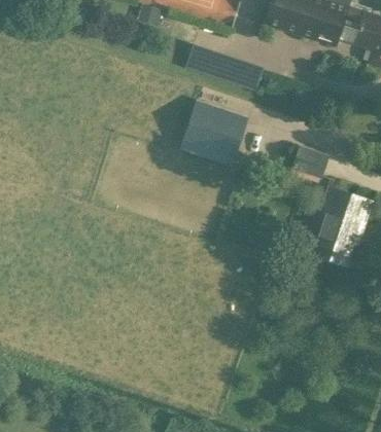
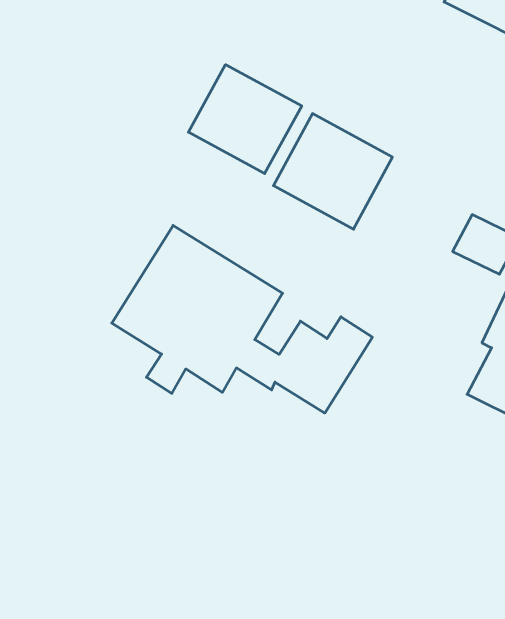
building: none -> [188,65,302,174]
building: none -> [112,225,372,413]

